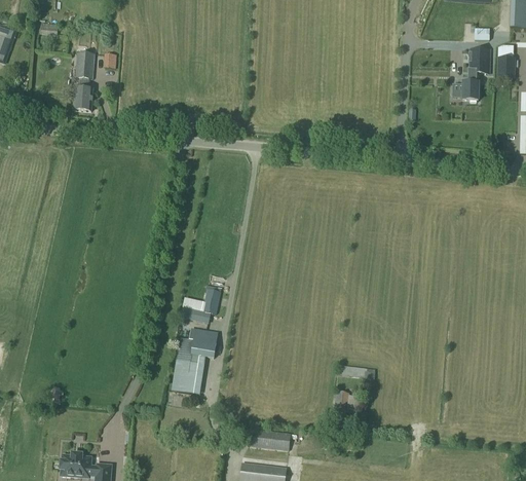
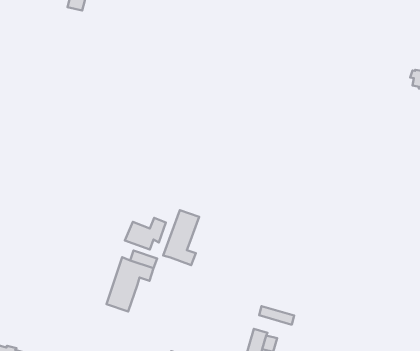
building: [73,86,93,110] -> none
building: none -> [163,210,199,265]

